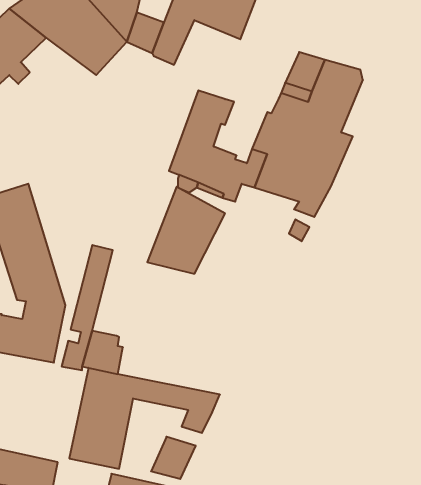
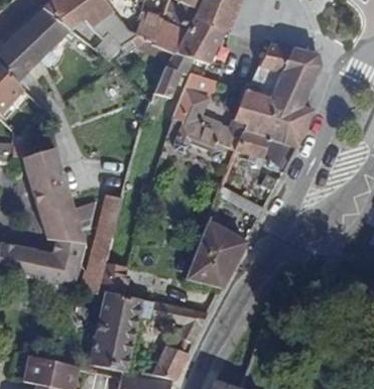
building: none -> [144,16,224,123]
building: [147,187,225,274] -> [184,219,246,287]

